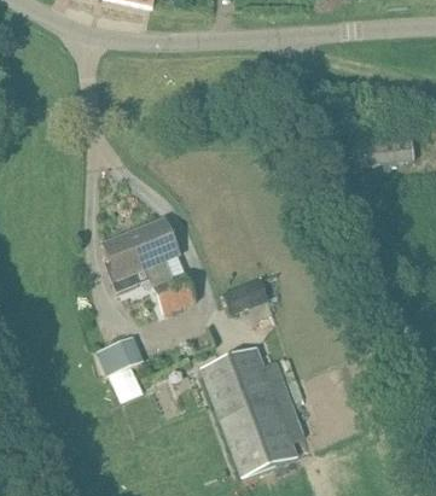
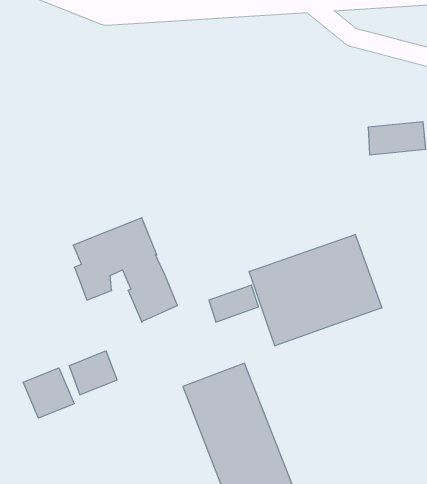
building: none -> [249,234,382,346]
building: none -> [23,368,74,418]

